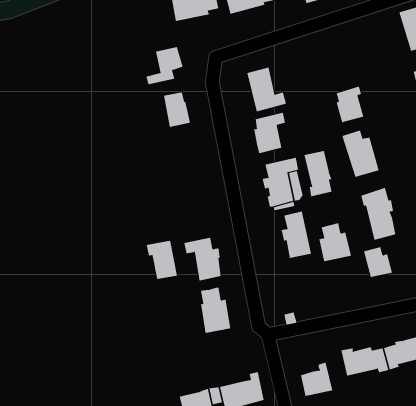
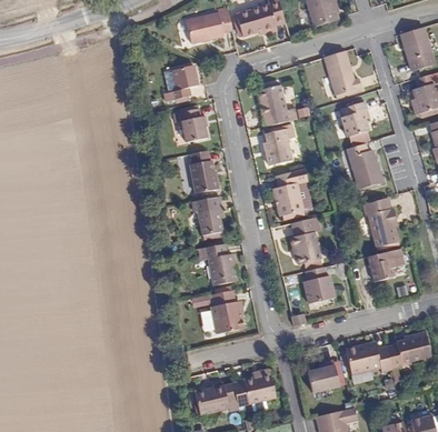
building: none -> [323,50,361,97]
building: none -> [190,150,217,191]
building: [304,150,332,197] -> none
building: [319,222,352,262] -> [303,267,335,303]
building: [146,240,178,279] -> [192,197,222,233]

